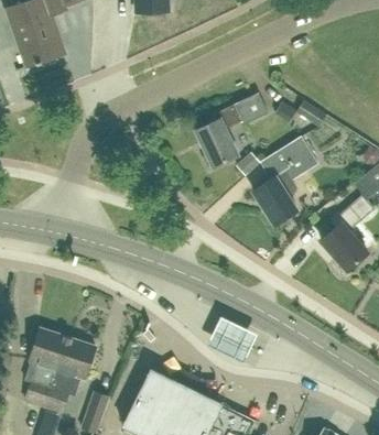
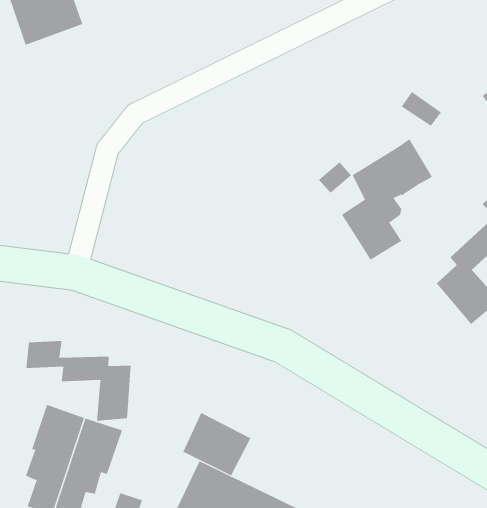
building: [195,93,267,166] -> none
building: none -> [26,340,131,422]
building: [207,315,257,361] -> [183,412,251,476]

